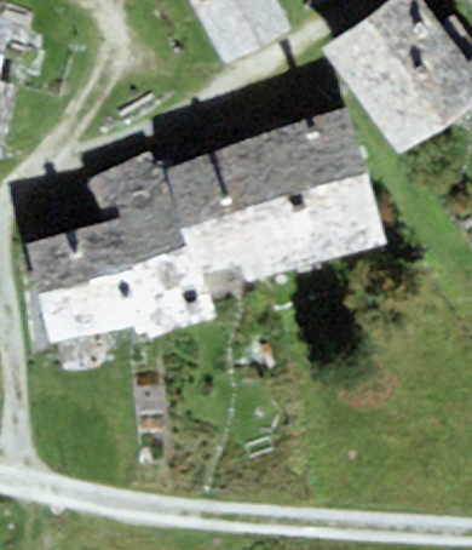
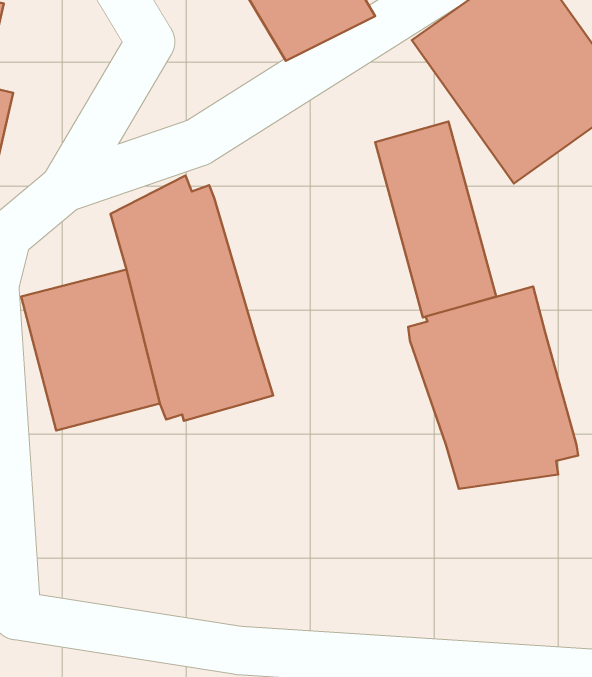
building: [169,125,328,279] -> none
building: none -> [408,286,578,489]

